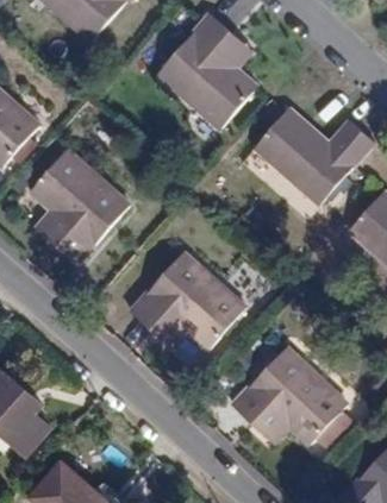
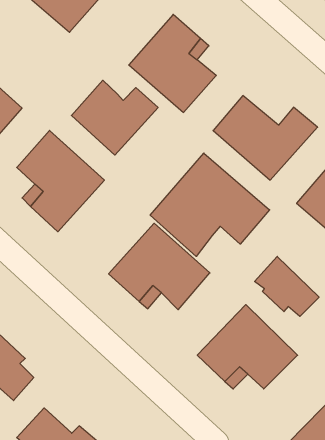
building: none -> [71,80,158,155]
building: none -> [150,153,270,256]
building: none -> [255,256,319,316]

